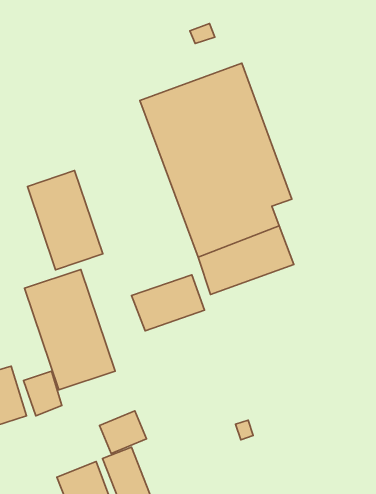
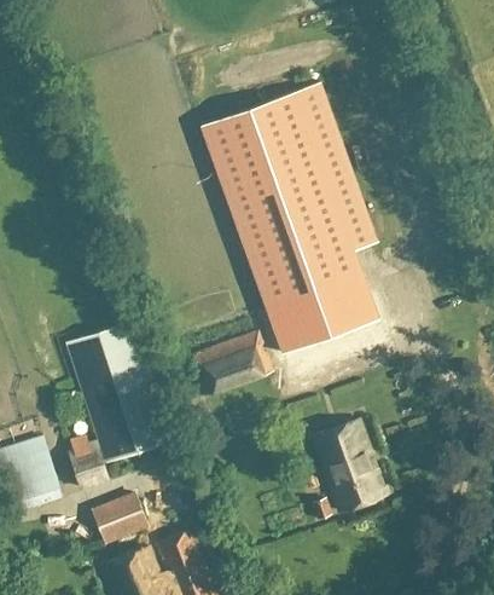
building: [27,170,103,270] -> none
building: none -> [308,416,388,515]
building: [100,411,146,453] -> [92,493,146,543]

